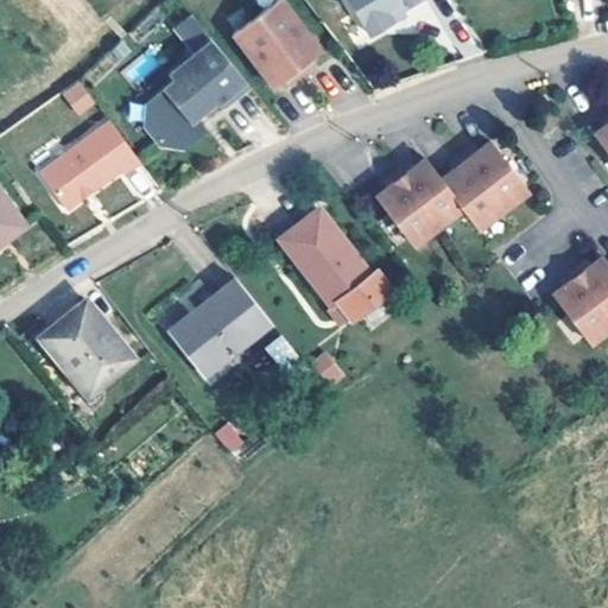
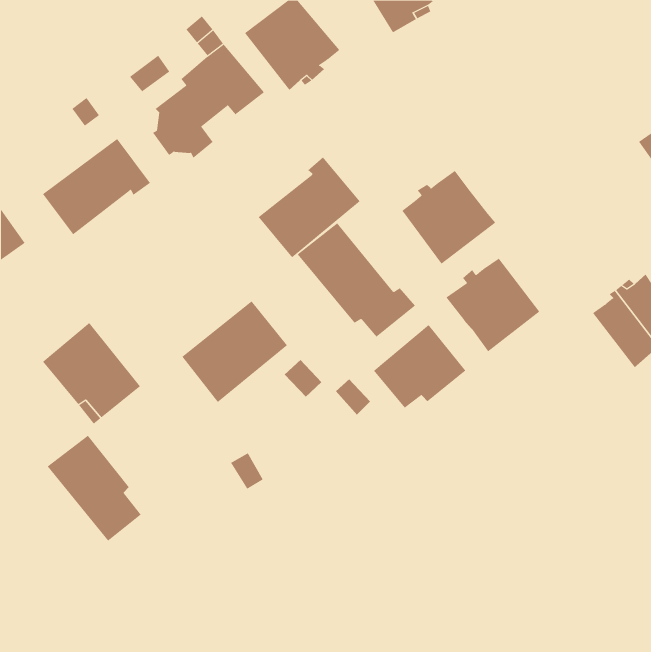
building: [439,141,527,229] -> [446,258,540,352]
building: none -> [258,157,360,258]
building: none -> [373,324,466,409]
building: none -> [47,435,141,542]

